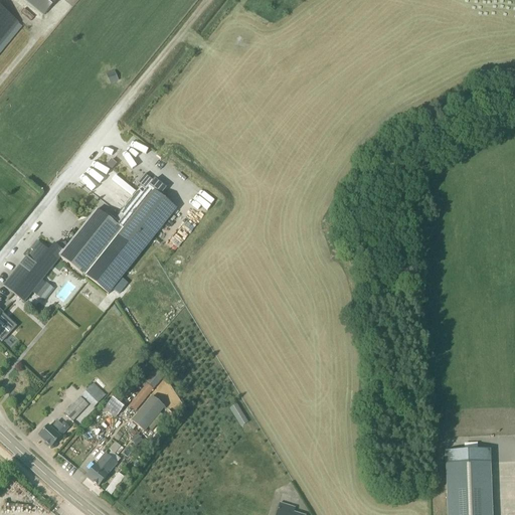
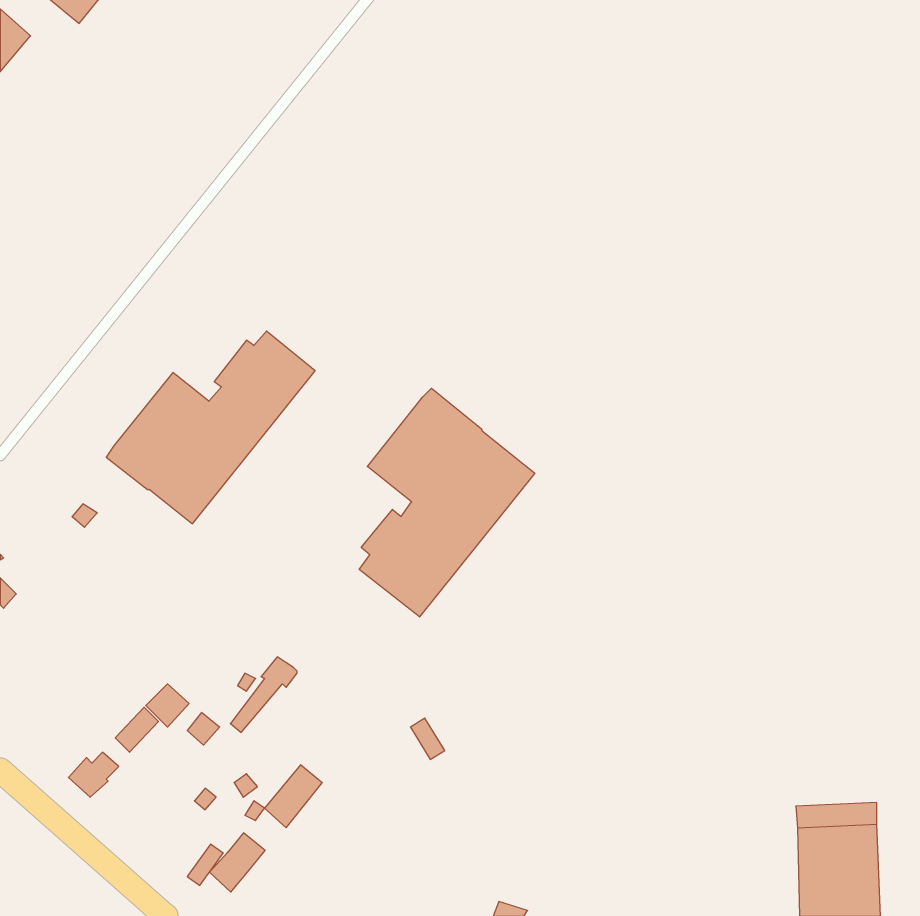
building: none -> [359,388,535,617]
building: [4,239,63,301] -> none
building: [132,395,164,431] -> [265,765,322,828]
building: [85,453,117,486] -> [209,833,265,892]

